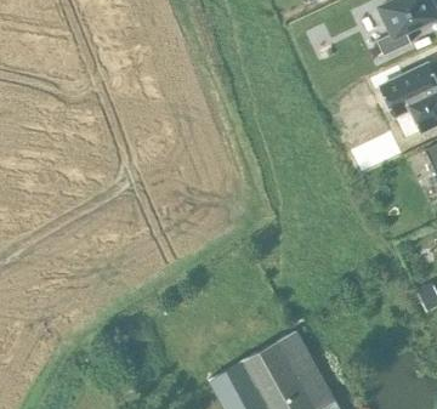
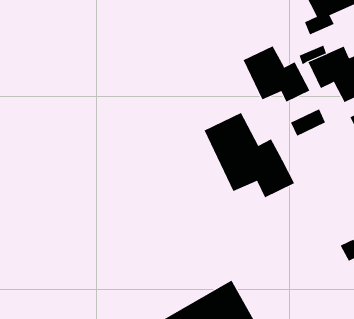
building: none -> [243,45,310,103]
building: none -> [204,112,295,198]

